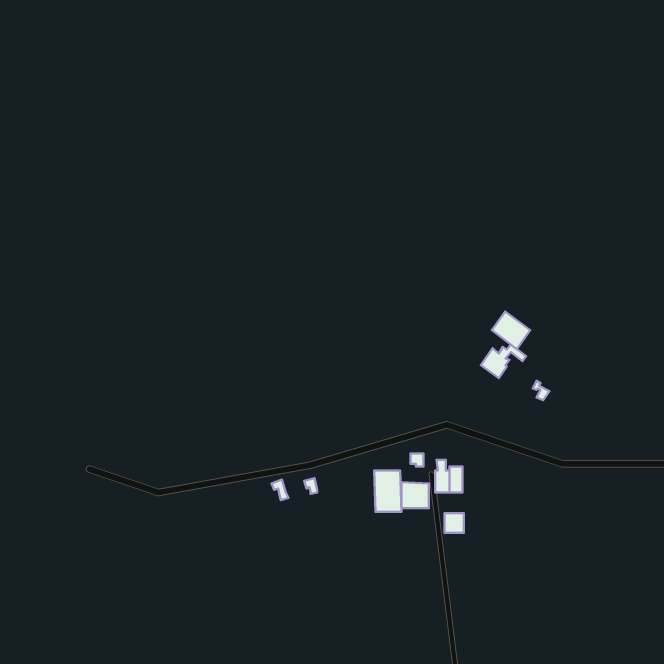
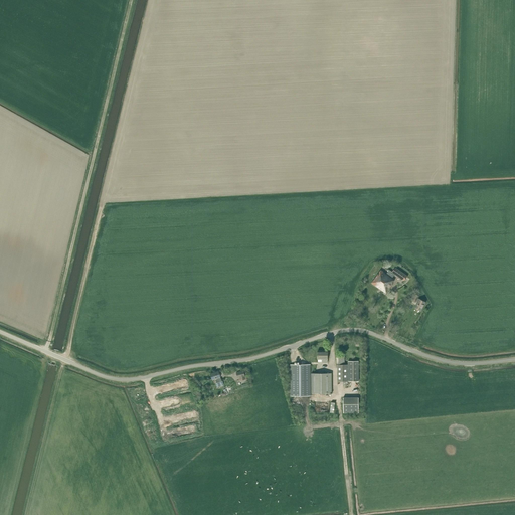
building: [492,311,530,349] -> none

